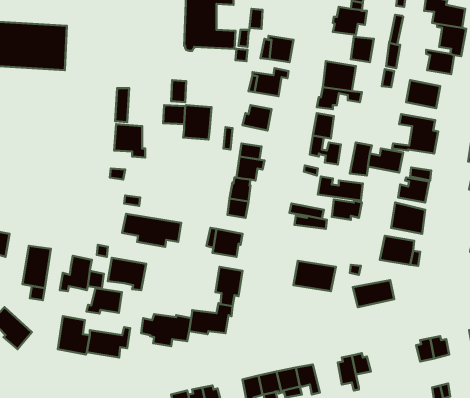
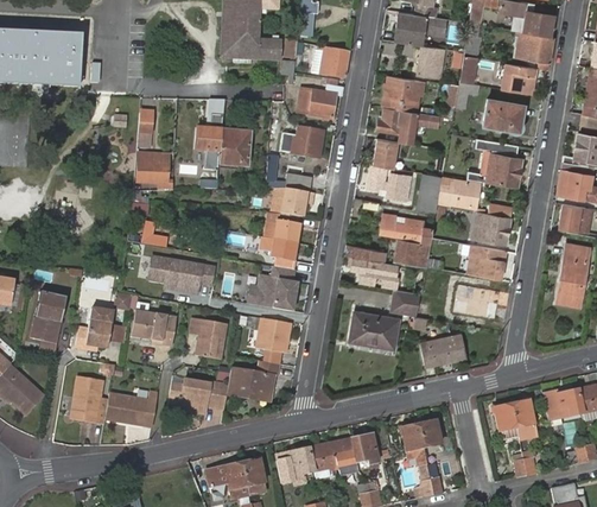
building: none -> [395,290,423,315]
building: none -> [190,317,226,359]
building: [86,288,122,314] -> none

